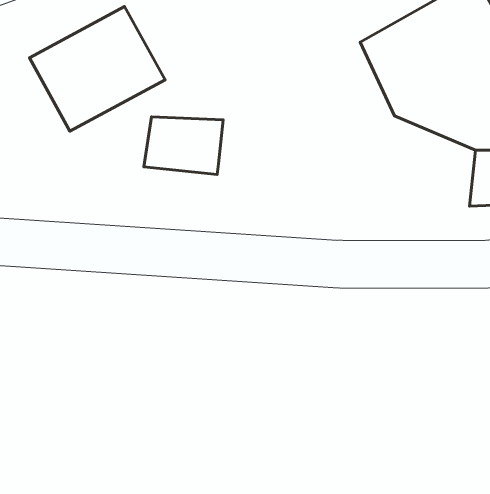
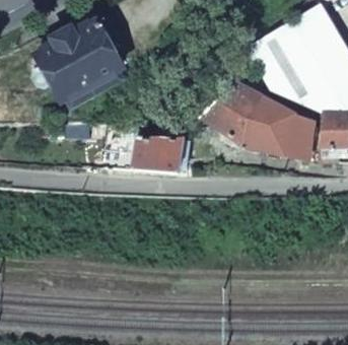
building: none -> [201,83,314,158]
building: [144,117,223,175] -> [130,134,182,171]

